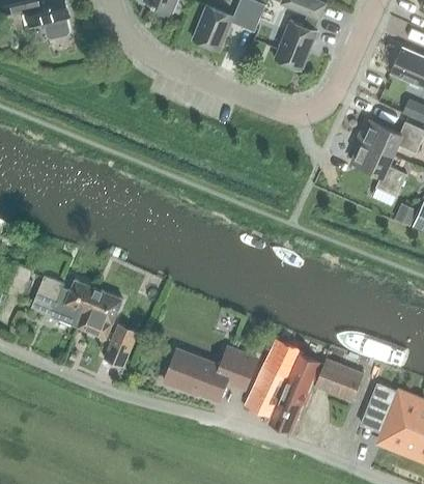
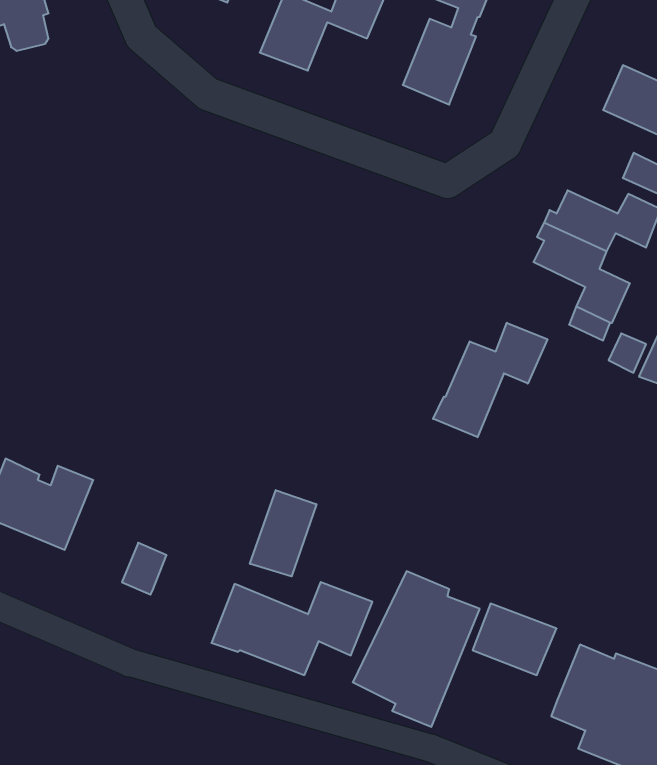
building: none -> [433,323,547,437]
building: [79,287,122,339] -> none
building: none -> [250,490,316,576]

